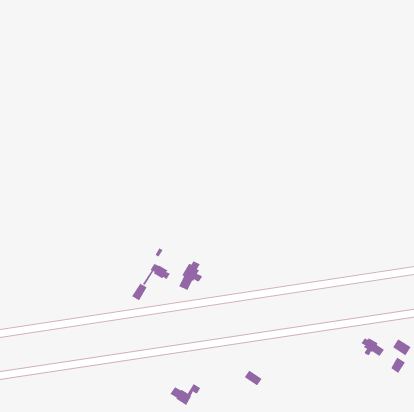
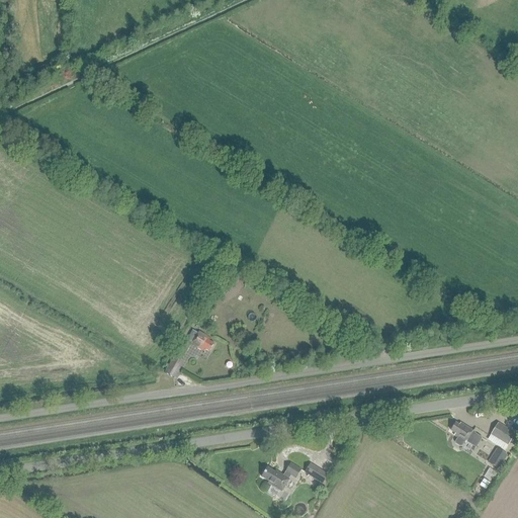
building: [178,260,202,291] -> none
building: [170,383,201,406] -> [261,462,300,491]

